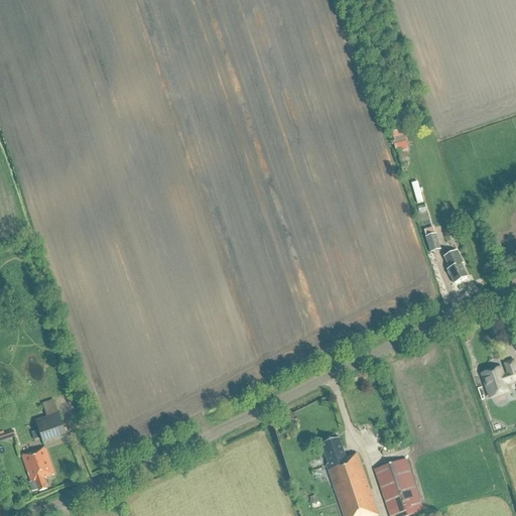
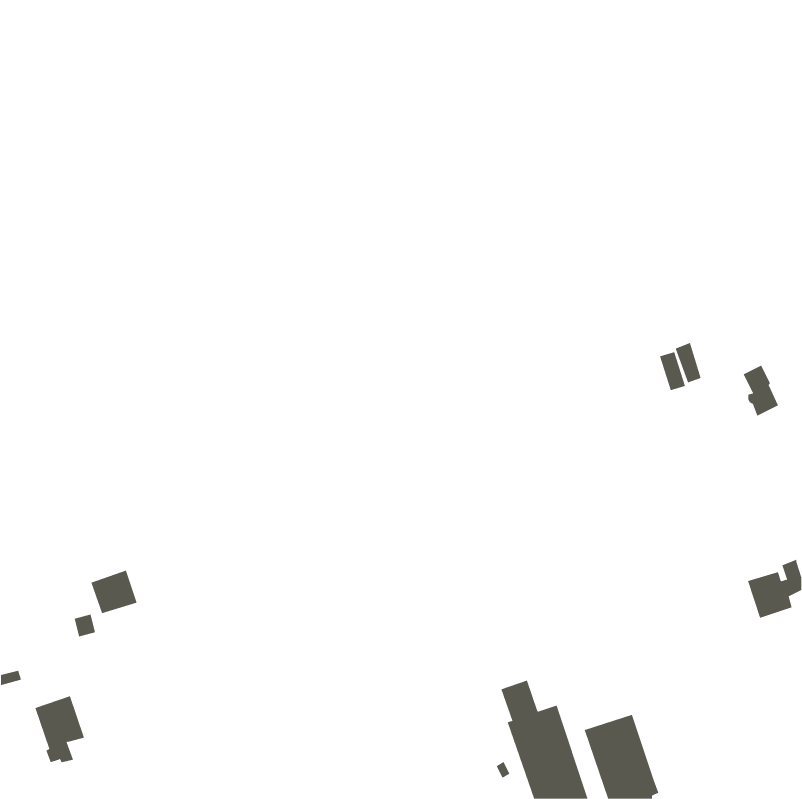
building: [444,250,468,283] -> [743,365,779,417]
building: [35,412,66,440] -> [90,570,138,614]

